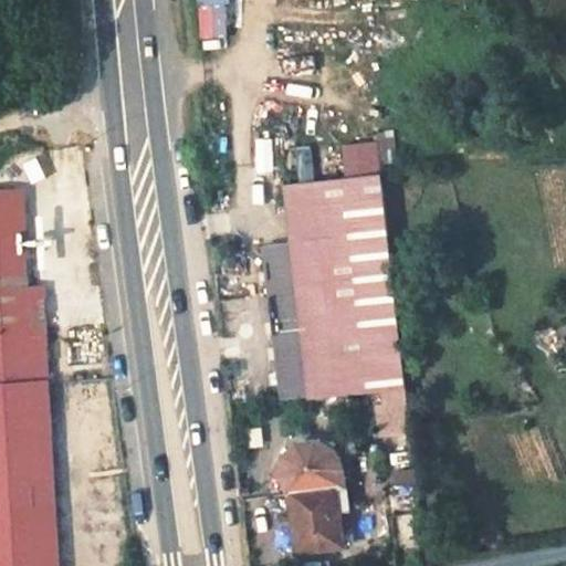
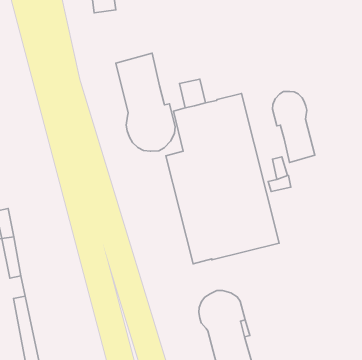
building: none -> [116,53,175,151]
building: [343,145,380,180] -> none
building: none -> [273,91,315,163]

